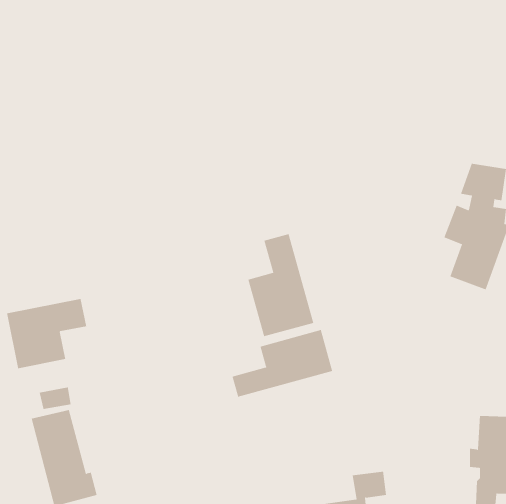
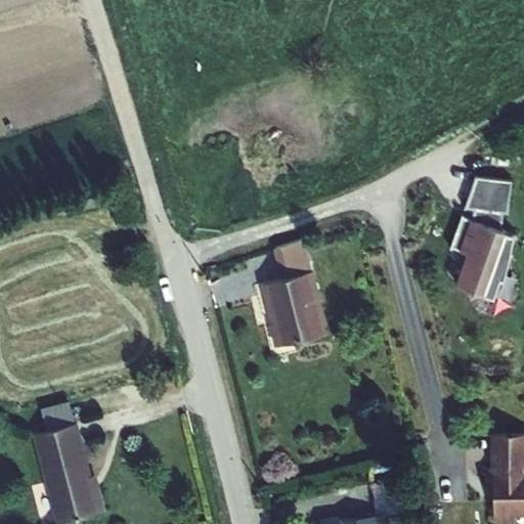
building: [7,298,87,369] -> none
building: [232,329,333,398] -> none

